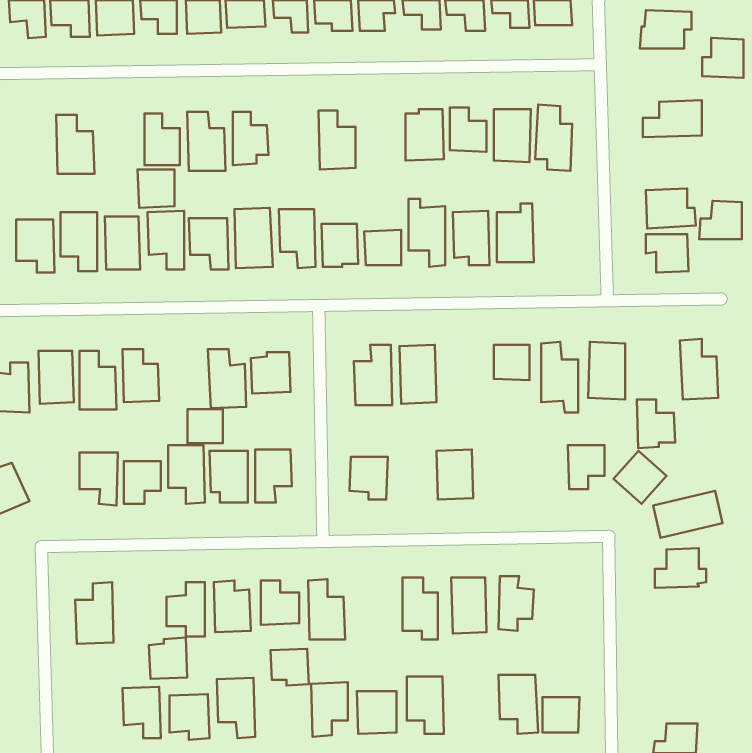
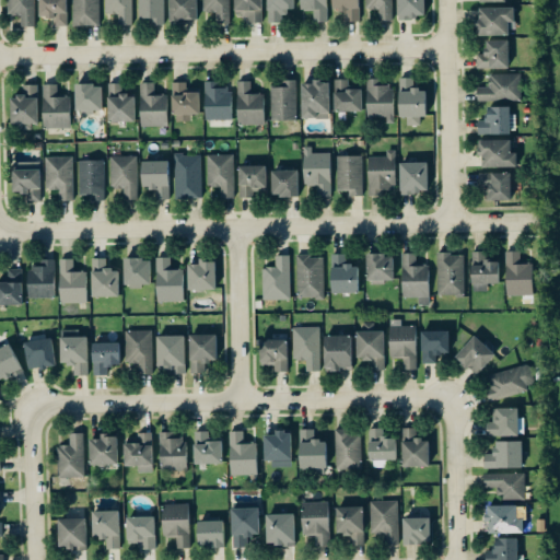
building: [702,38,743,78] -> [477,40,508,70]
building: none -> [270,81,296,121]
building: none -> [205,82,231,120]
building: none -> [9,85,37,125]
building: [138,169,174,208] -> [73,85,101,114]
building: [699,201,742,239] -> [477,107,509,136]
building: none -> [399,163,428,195]
building: none -> [330,255,358,294]
building: [637,400,675,448] -> [470,253,499,289]
building: [187,409,223,443] -> [124,260,150,285]
building: none -> [388,326,416,369]
building: none -> [292,327,320,371]
building: none -> [355,330,384,370]
building: none -> [24,338,54,369]
building: none -> [401,427,429,466]
building: none -> [262,430,291,467]
building: none -> [483,441,523,467]
building: [149,638,187,679] -> [89,433,117,464]
building: none -> [483,474,532,500]
building: [270,649,309,686] -> [196,520,224,547]
building: none -> [487,504,526,533]
building: none -> [335,506,364,545]
building: none -> [56,517,85,549]

